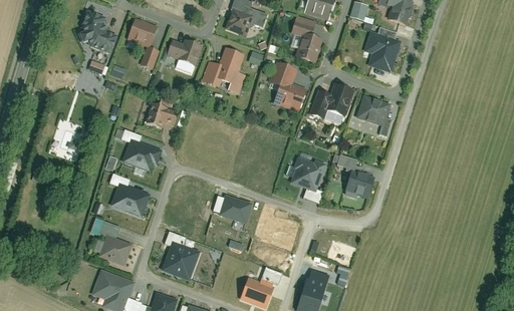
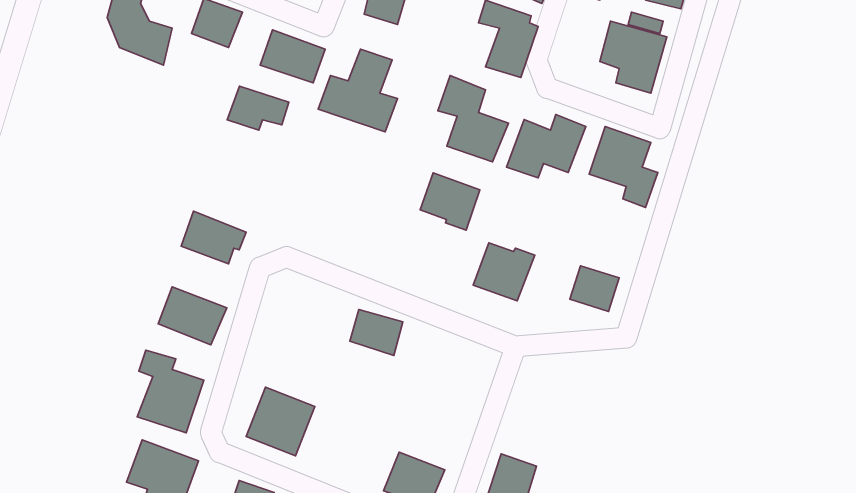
building: [143,102,178,127] -> [227,86,289,130]
building: none -> [420,173,480,230]

